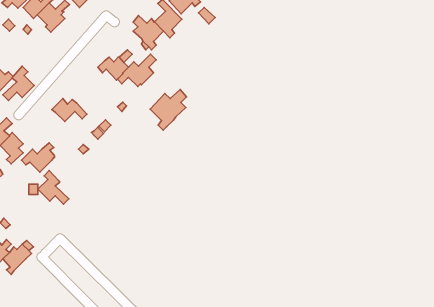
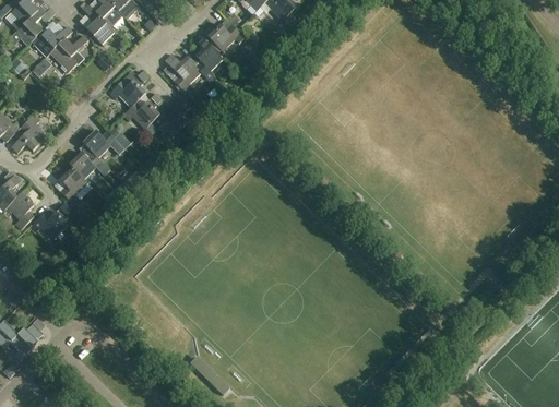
building: none -> [109,71,147,107]
building: none -> [82,130,124,157]
building: [150,89,186,130] -> none
building: none -> [60,168,87,204]
building: [38,170,69,204] -> none

